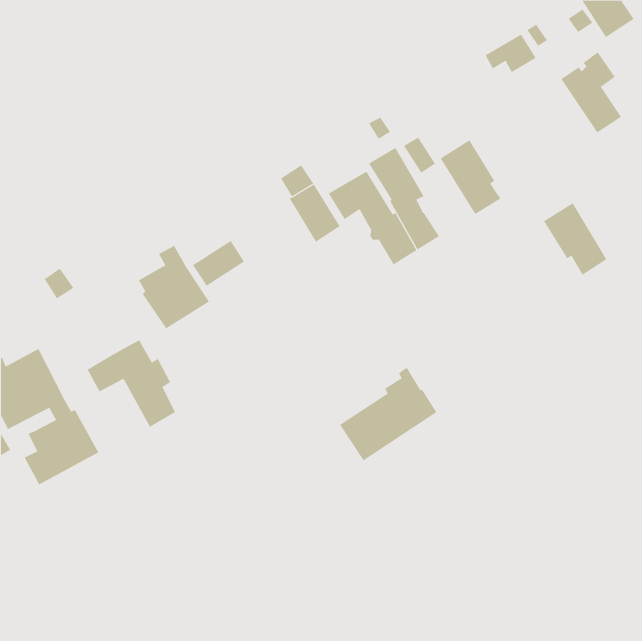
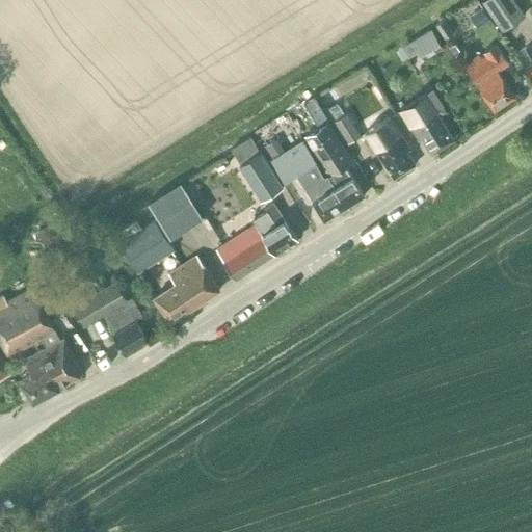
building: [543,202,607,275] -> [399,95,452,155]
building: none -> [148,182,191,220]
building: none -> [153,256,218,323]
building: [339,367,437,461] -> [215,203,296,281]

